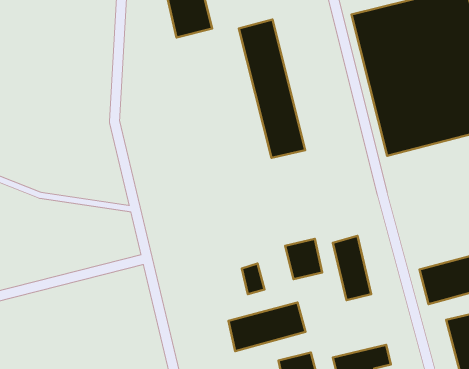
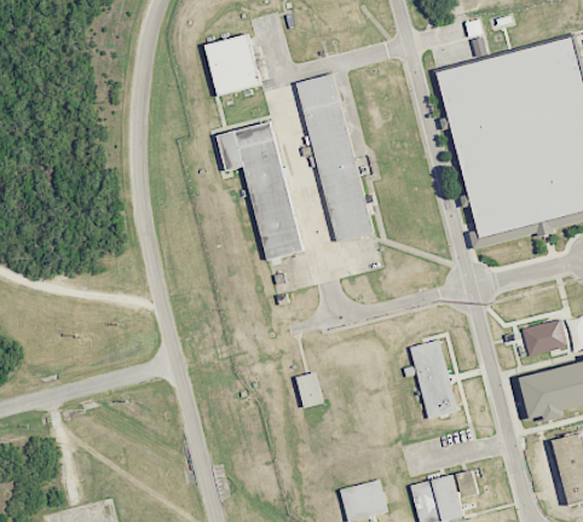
building: none -> [214,120,305,260]
building: none -> [524,319,568,356]
building: [285,239,322,279] -> none
building: [228,302,306,351] -> none

